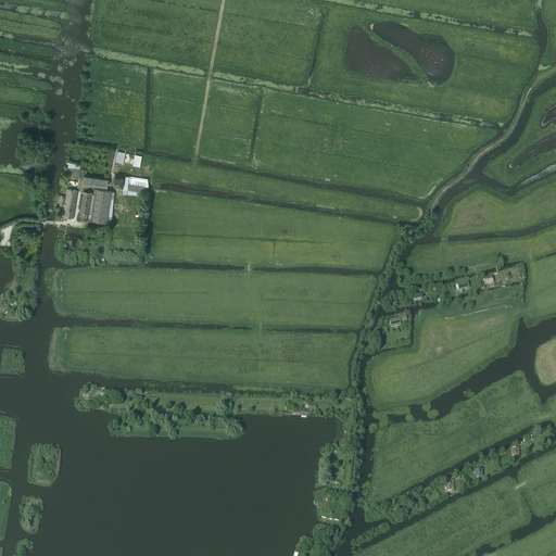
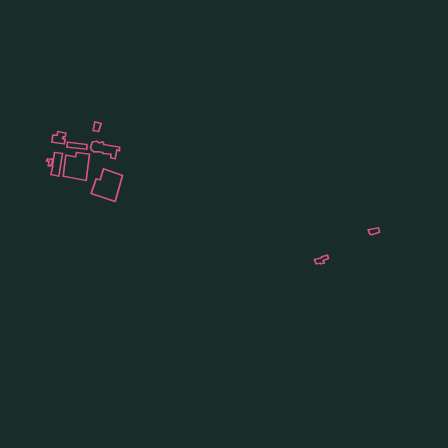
building: none -> [91,169,122,202]

